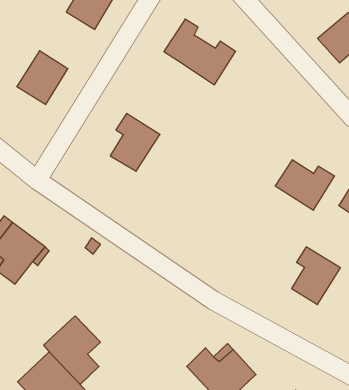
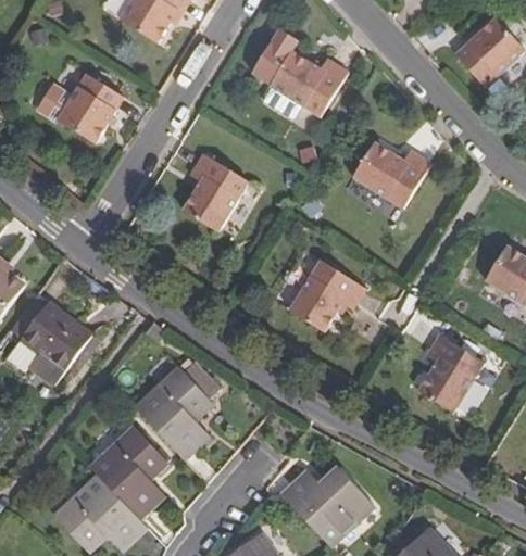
building: [275,160,335,210] -> [350,142,429,210]
building: none -> [290,260,366,330]
building: none -> [136,359,220,458]

